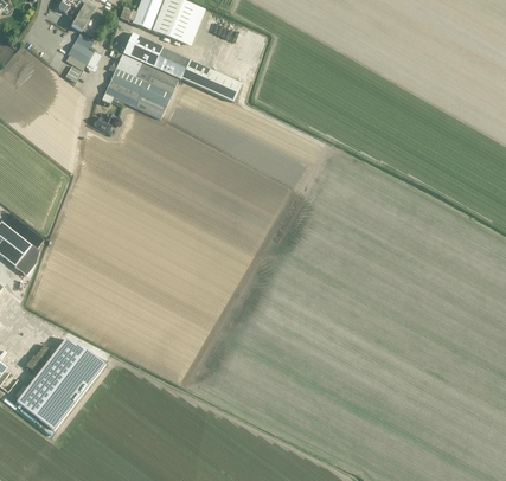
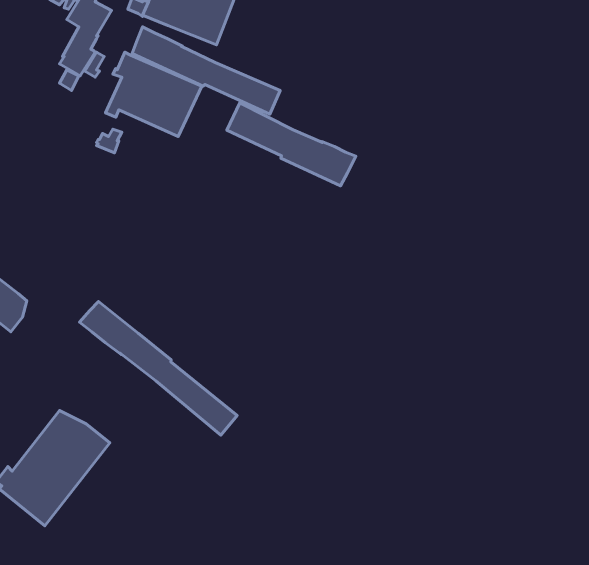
building: none -> [227,103,356,186]
building: none -> [79,301,237,435]

